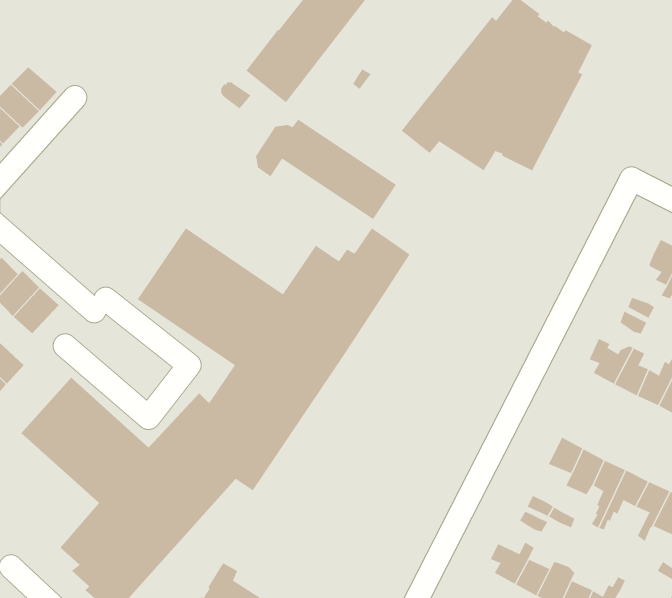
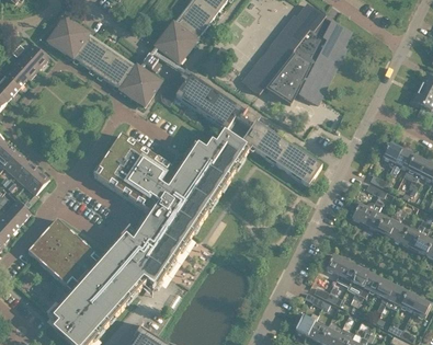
building: none -> [47,16,161,106]
building: none -> [226,105,321,185]

